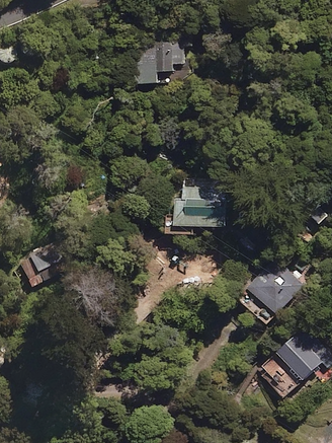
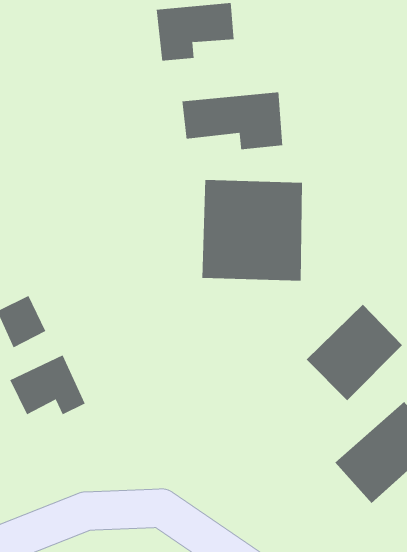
building: none -> [182,92,283,150]
building: none -> [9,354,86,415]

